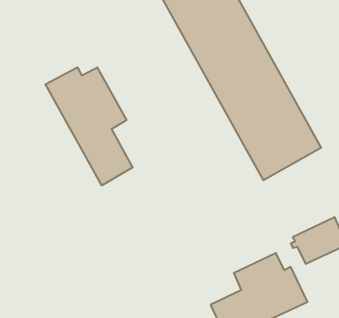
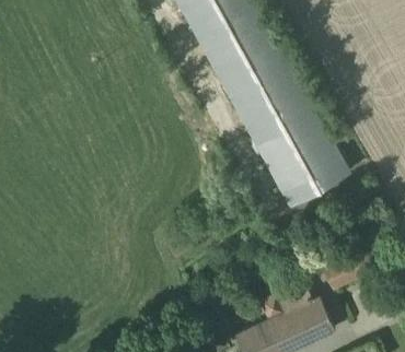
building: [45,67,133,185] -> none

